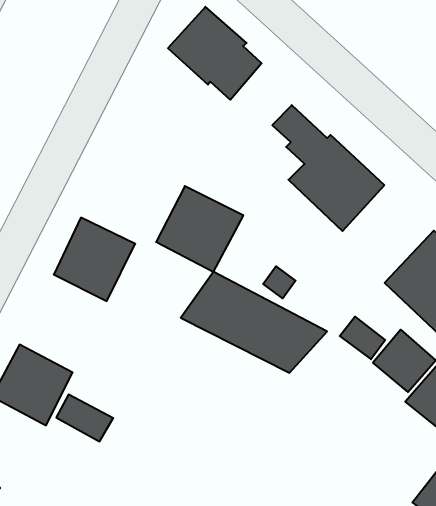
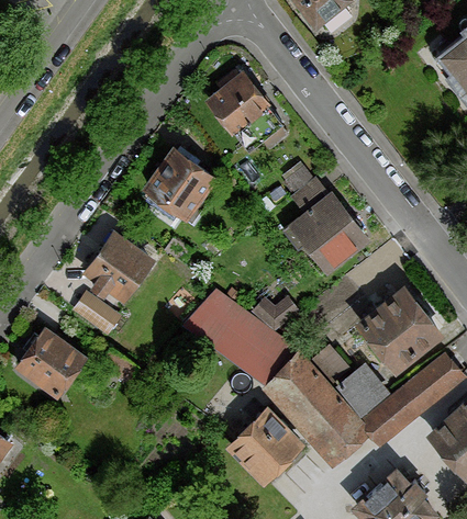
building: [156,186,243,272] -> [142,146,218,221]
building: none -> [262,356,370,470]
building: [56,394,113,441] -> [74,293,121,336]
building: none -> [225,407,303,485]

